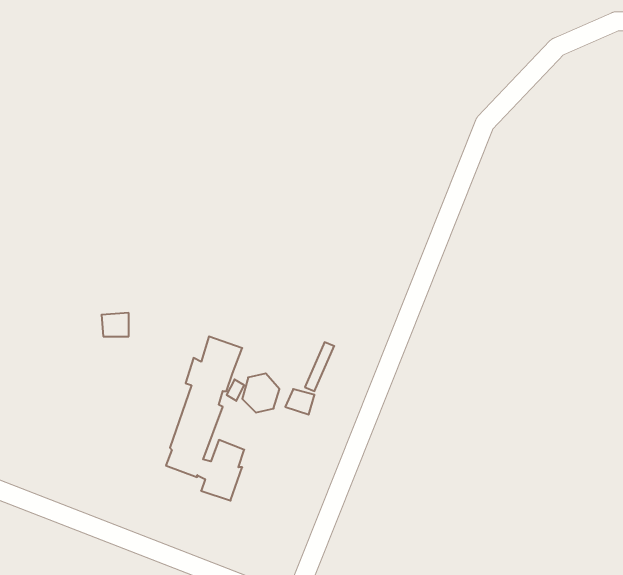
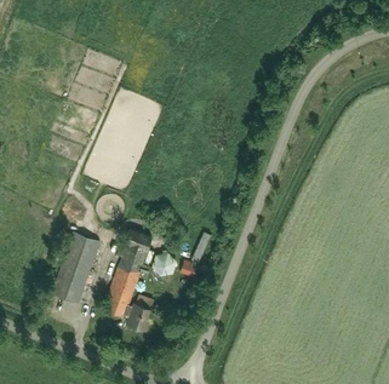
building: none -> [52,231,99,302]

